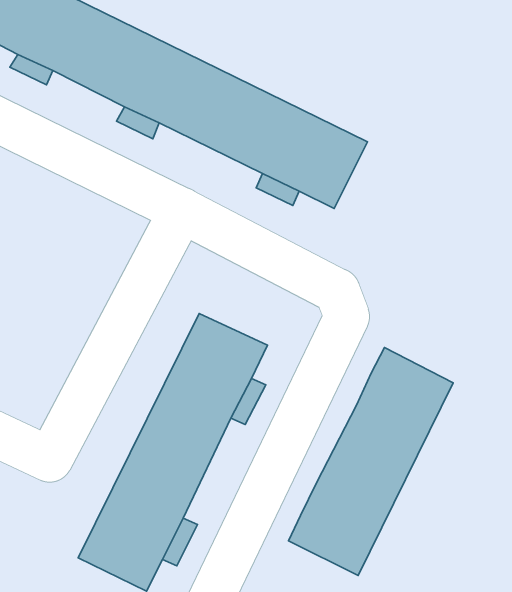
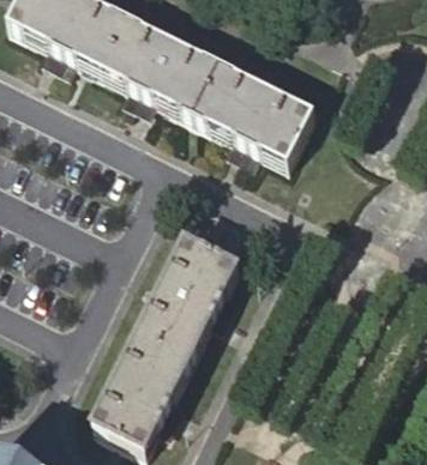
building: [288,347,453,575] -> none

